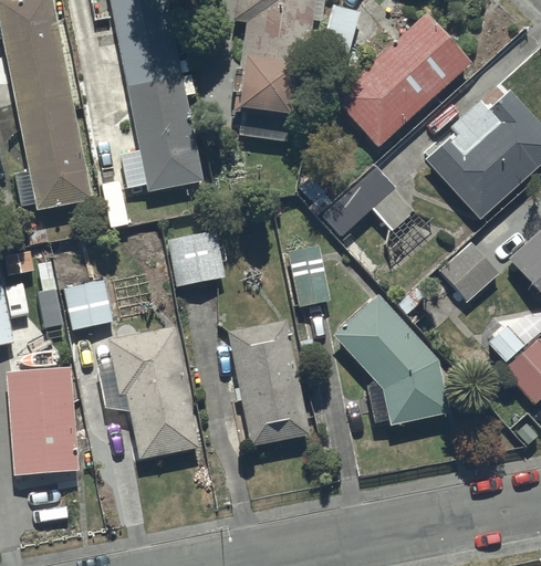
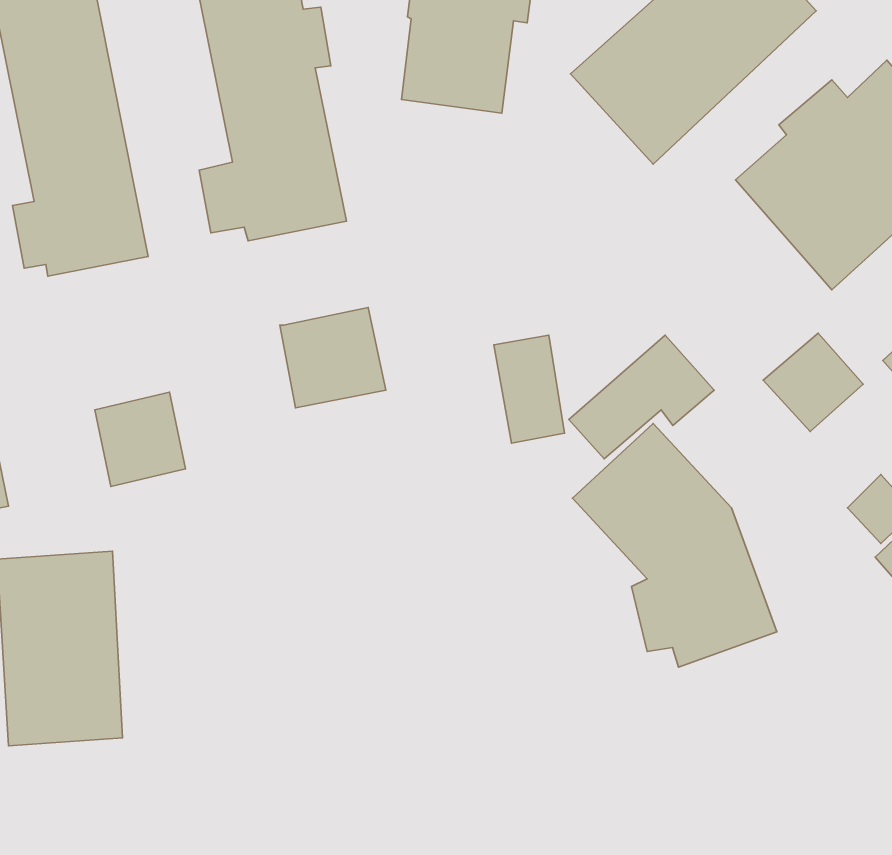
building: [320,166,402,235] -> [569,335,714,459]
building: [227,317,311,448] -> none
building: [108,325,200,459] -> none

